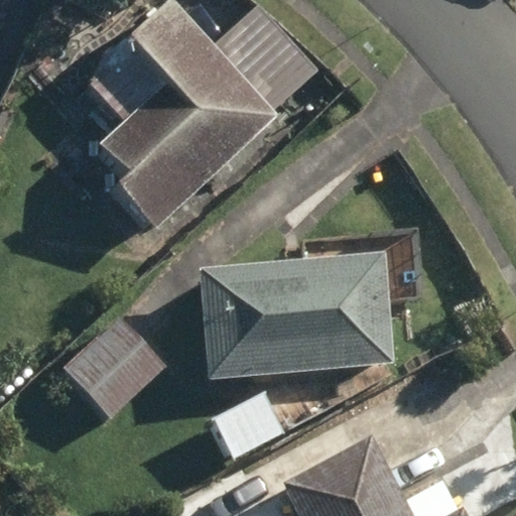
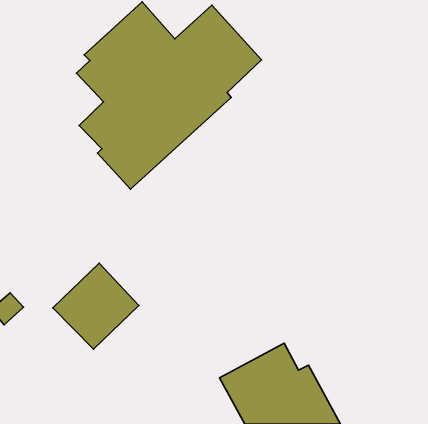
building: [199,255,392,377] -> none

